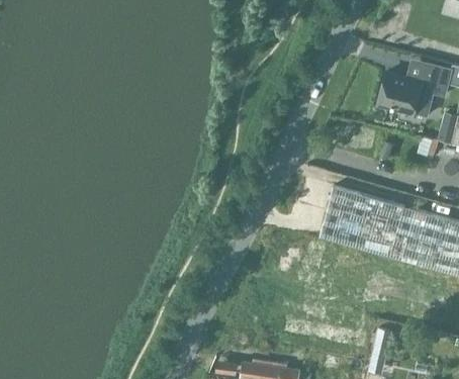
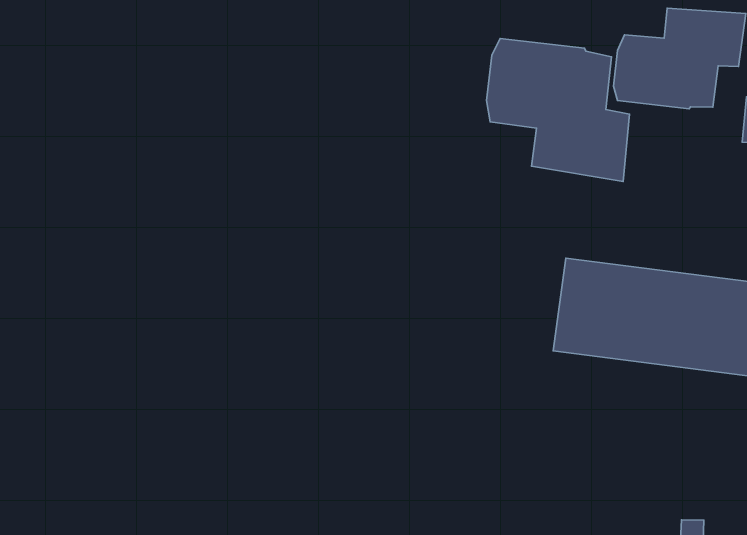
building: none -> [487,39,630,181]

